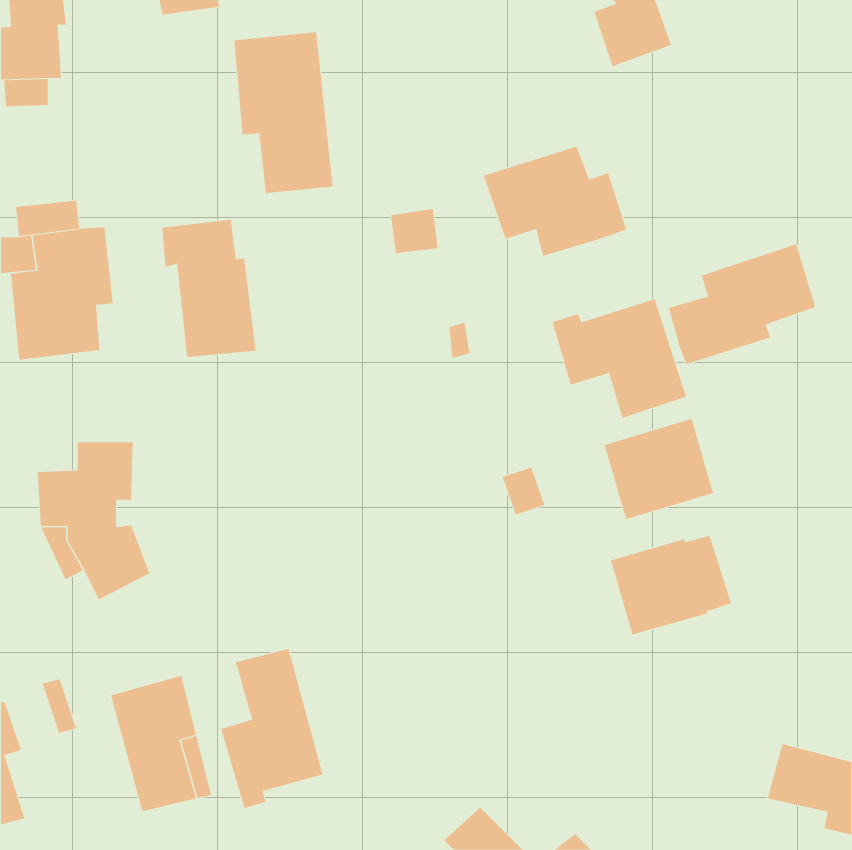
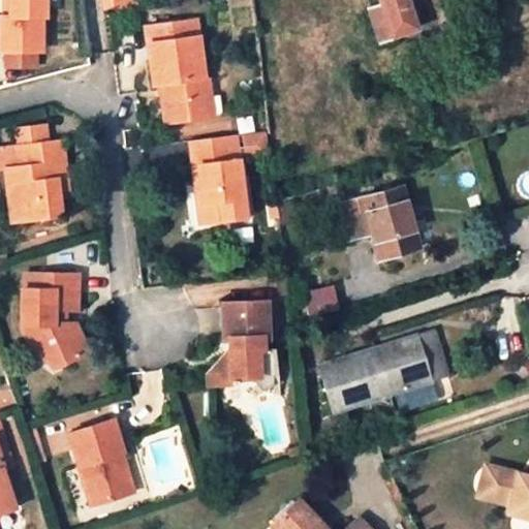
building: [483,146,627,257] -> none
building: [161,219,256,357] -> [185,135,244,221]
building: [668,243,816,365] -> none
building: [604,418,714,520] -> [323,347,392,410]
building: none -> [207,302,282,392]
building: [221,648,323,809] -> none

